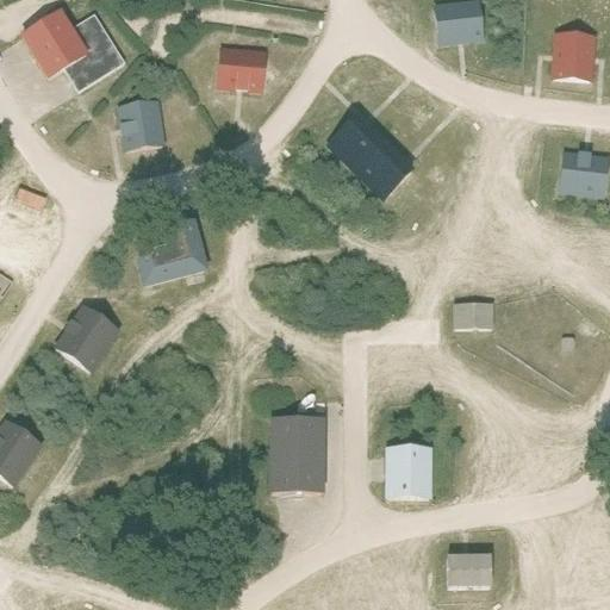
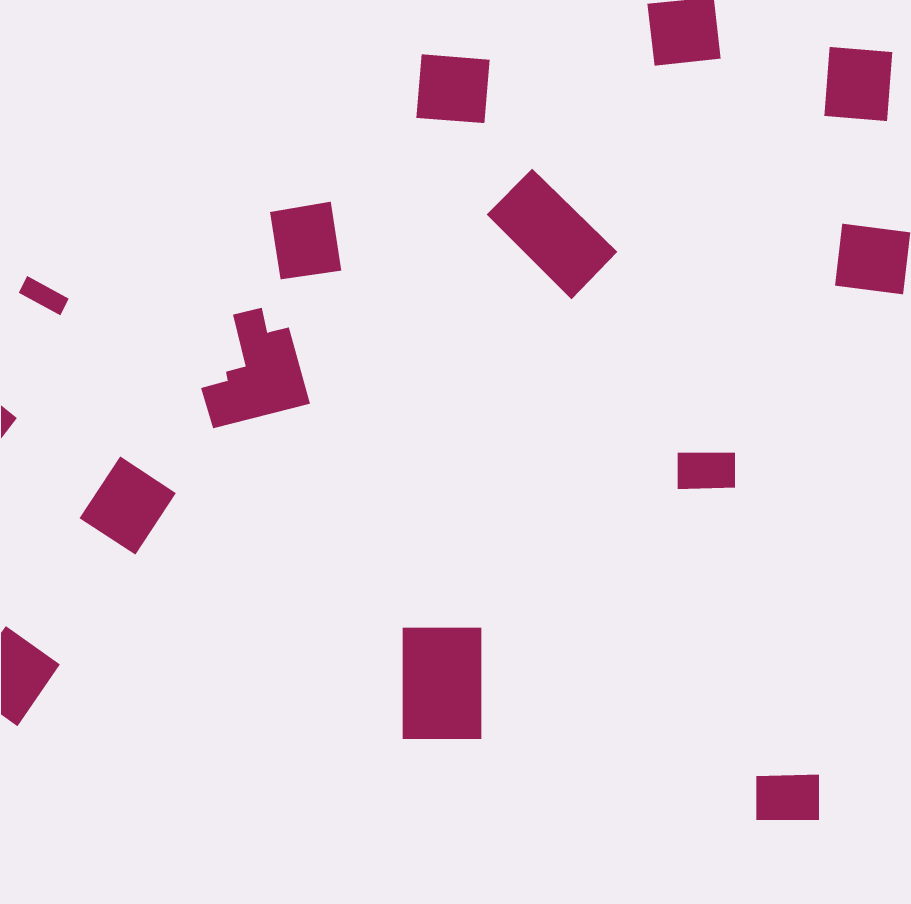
building: [19,8,124,91] -> none
building: [216,45,266,92] -> [415,54,490,124]
building: [117,98,166,150] -> [269,201,342,280]
building: [384,446,431,497] -> none
building: [447,554,490,585] -> [756,774,820,820]

